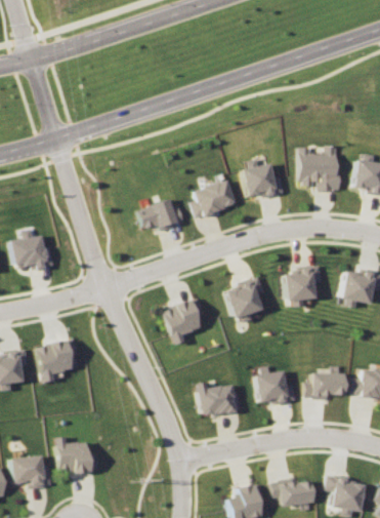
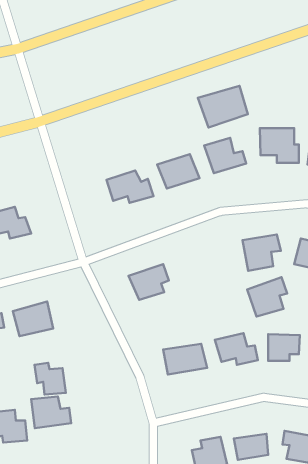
building: none -> [198,86,248,128]
building: [224,277,267,319] -> [247,277,287,316]
building: none -> [35,363,66,394]

